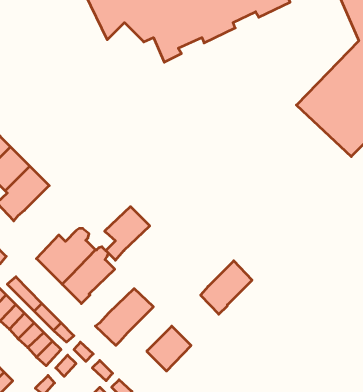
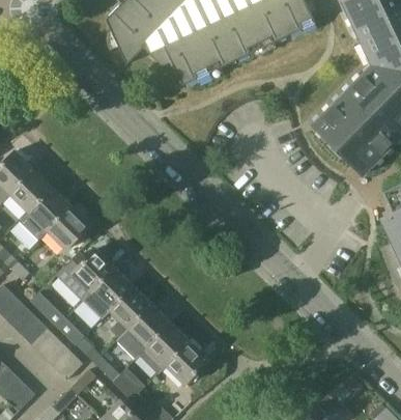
building: none -> [48,205,90,248]
building: [105,207,150,260] -> [110,286,153,338]
building: [201,261,252,314] -> [140,323,190,374]

